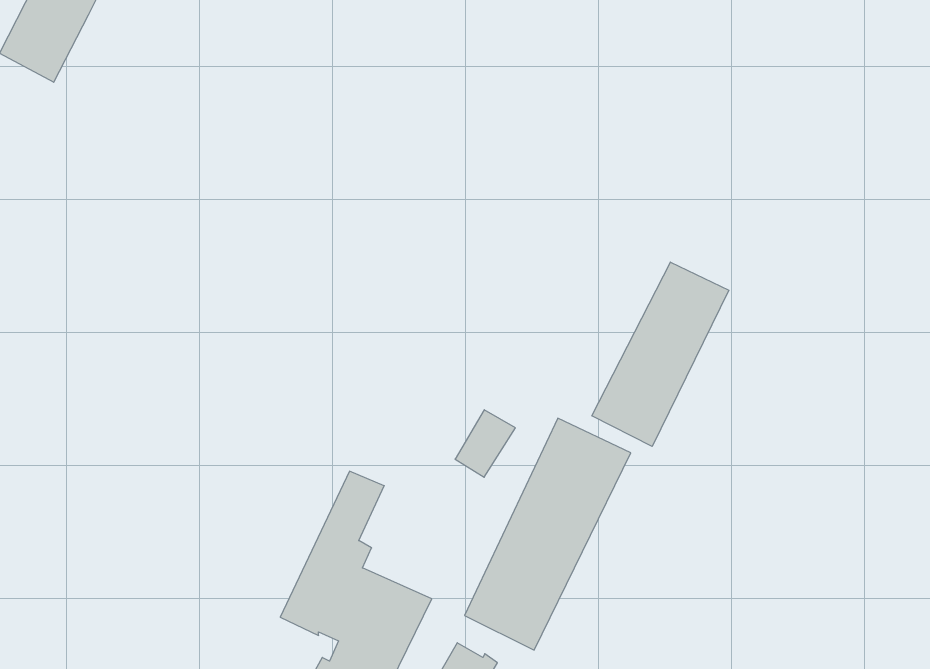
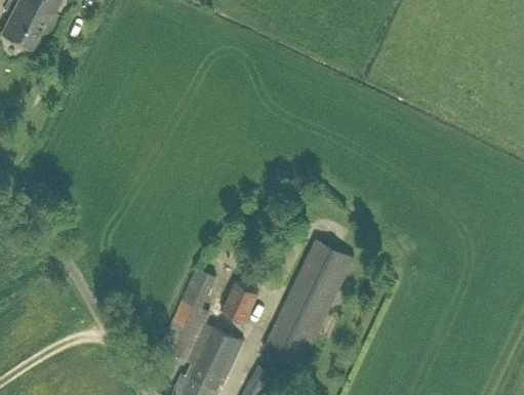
building: [592,262,729,446] -> none
building: [455,410,515,477] -> [229,278,263,316]

